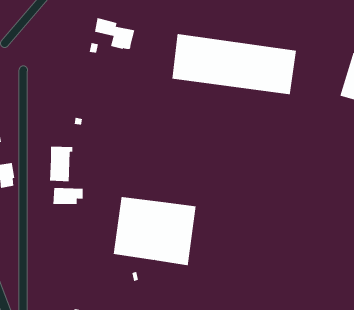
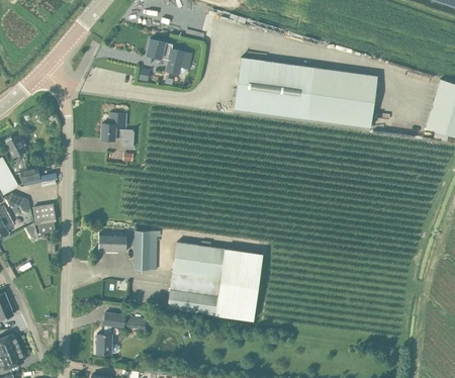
building: none -> [101,113,133,149]
building: [49,146,73,182] -> [132,230,160,271]
building: none -> [96,312,147,355]

